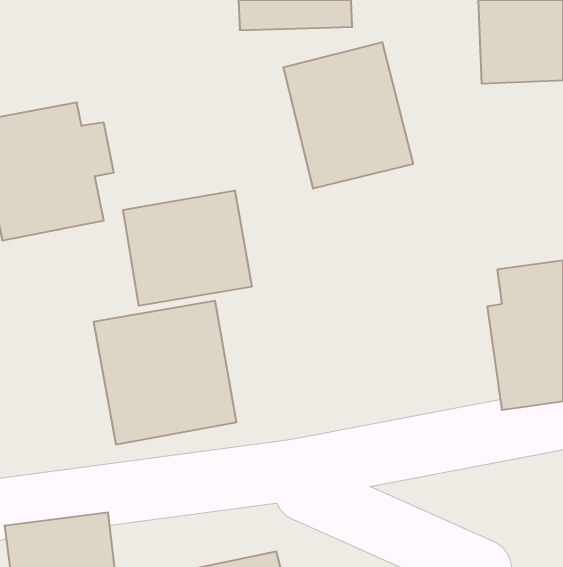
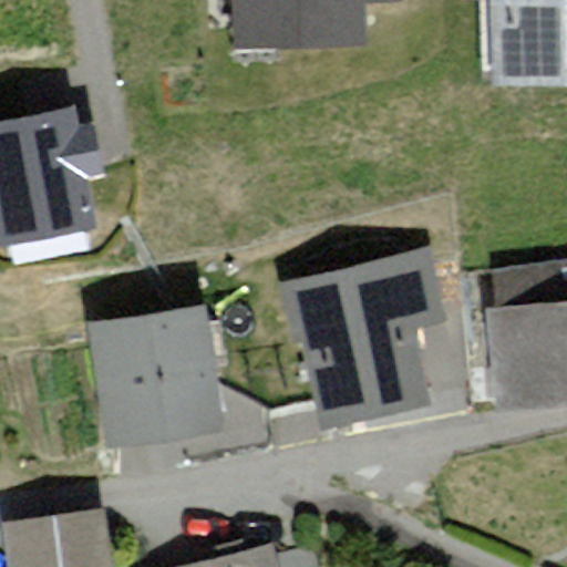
building: [283,42,413,189] -> none
building: [123,190,252,306] -> none
building: none -> [262,249,444,454]

